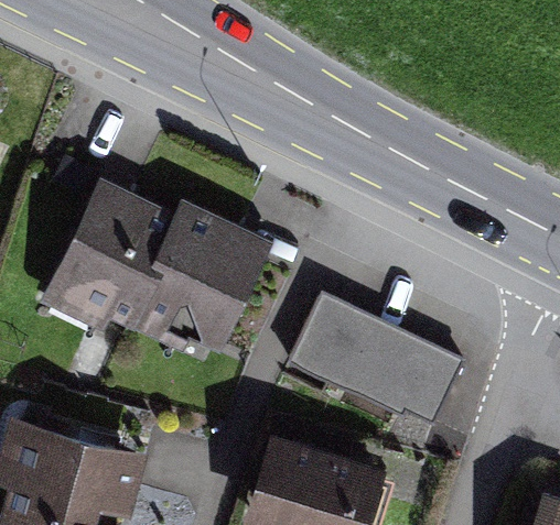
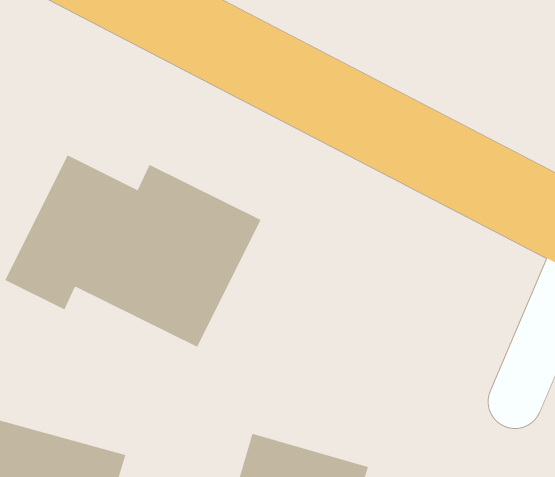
building: [293,303,453,423] -> none

